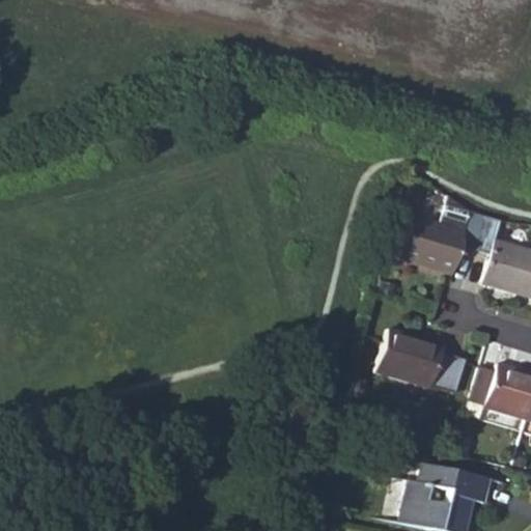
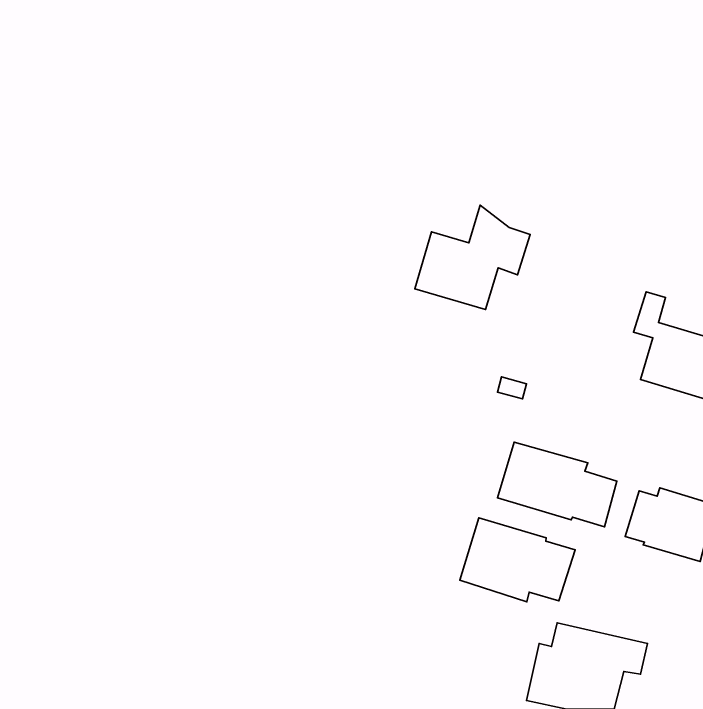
building: [401,196,487,274] -> [415,205,530,310]
building: none -> [460,518,575,602]

